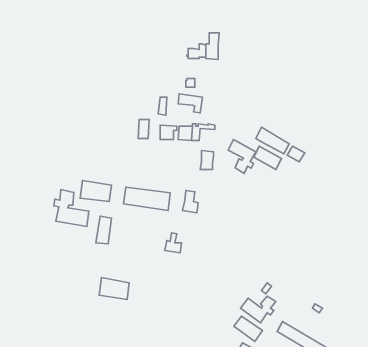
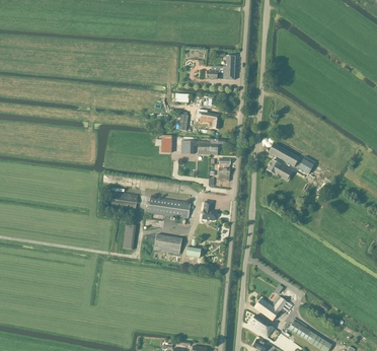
building: [228,139,256,174] -> none
building: [54,190,89,226] -> none
building: [99,277,129,300] -> [154,233,181,254]

